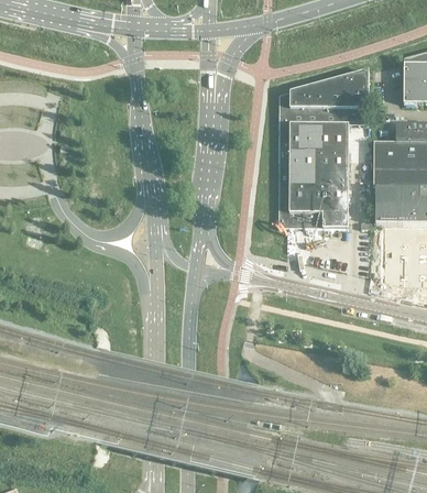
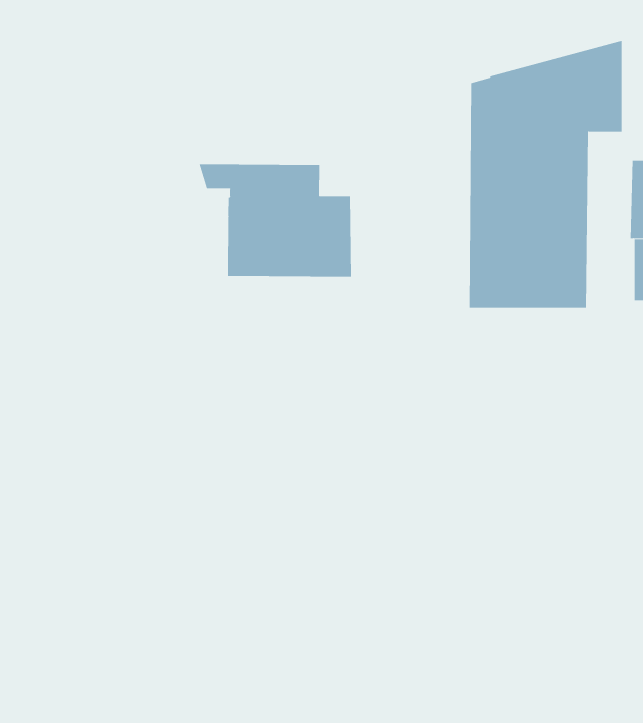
building: none -> [199,164,351,277]

